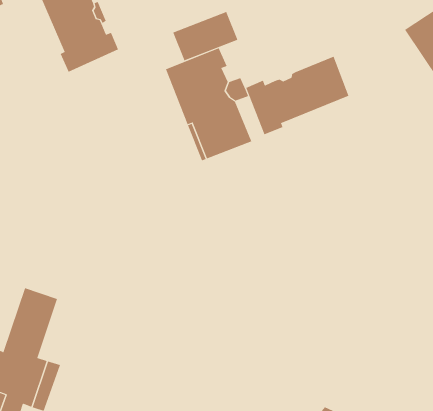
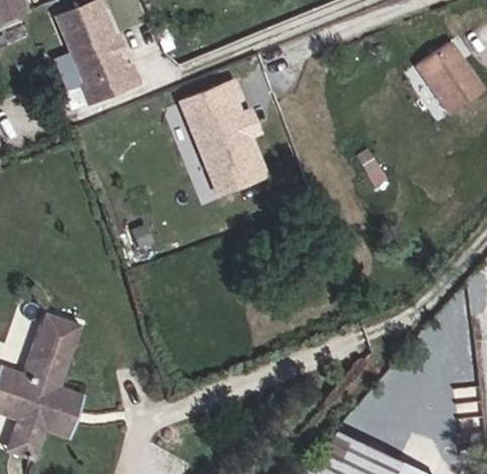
building: [173,11,238,61] -> none
building: [246,56,349,135] -> none

